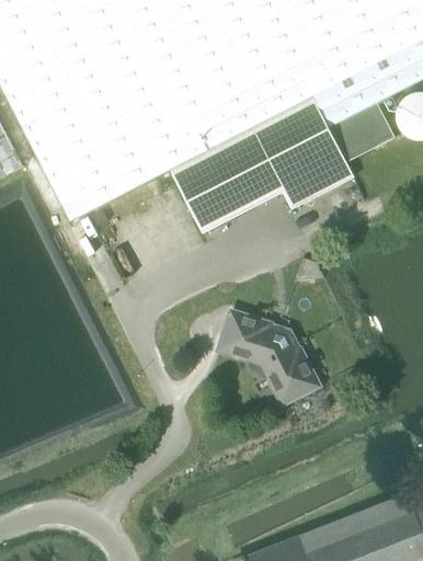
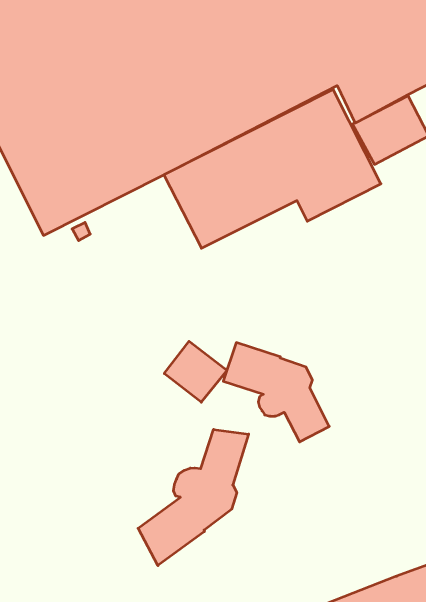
building: none -> [164,341,227,402]
building: none -> [138,429,249,566]

